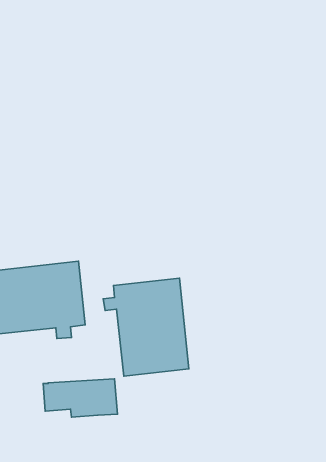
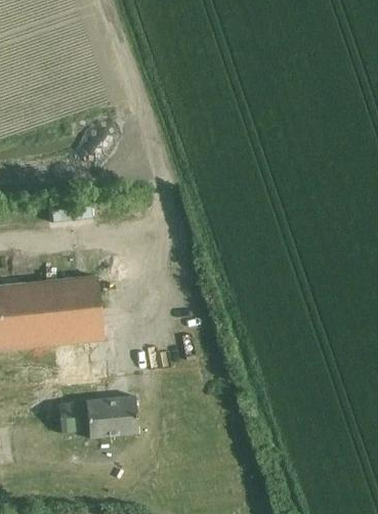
building: [103,278,189,376] -> none

